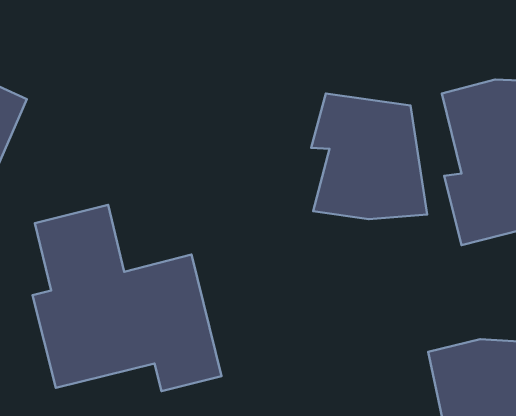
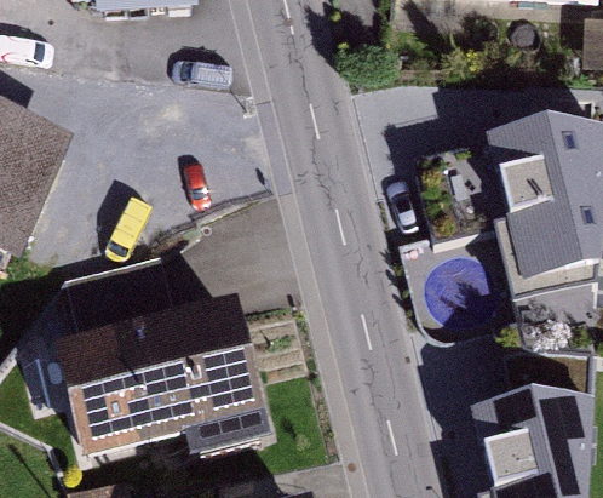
building: [311,94,427,219] -> none

